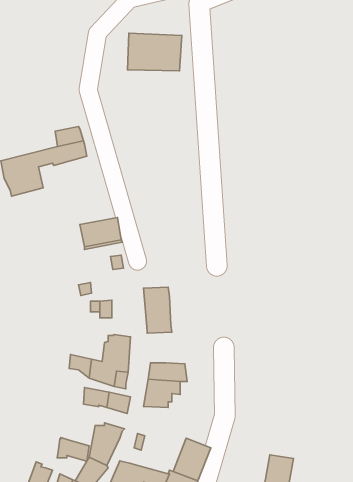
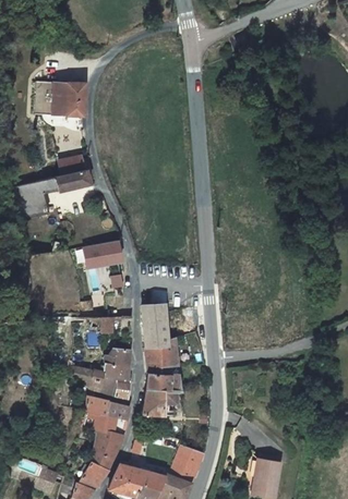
building: [128,33,182,71] -> [35,81,85,115]
building: none -> [145,337,179,374]
building: [57,438,89,461] -> [97,413,127,435]

